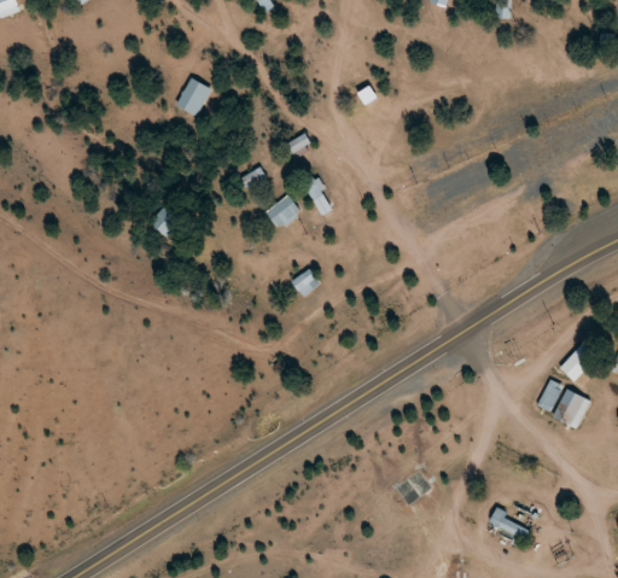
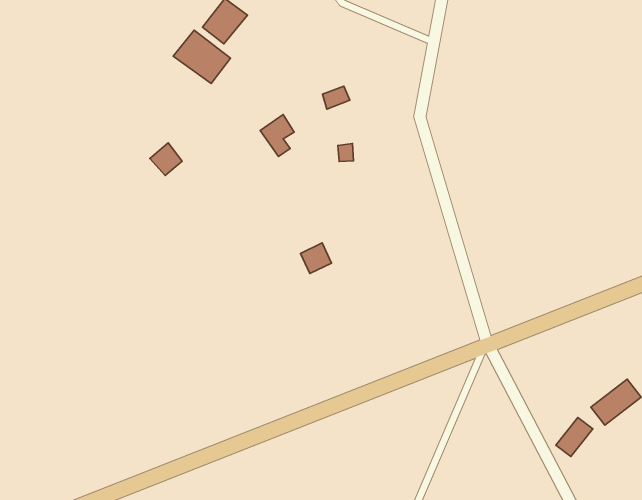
building: none -> [173,30,230,83]
building: [264,194,301,229] -> none
building: [550,387,590,428] -> none

